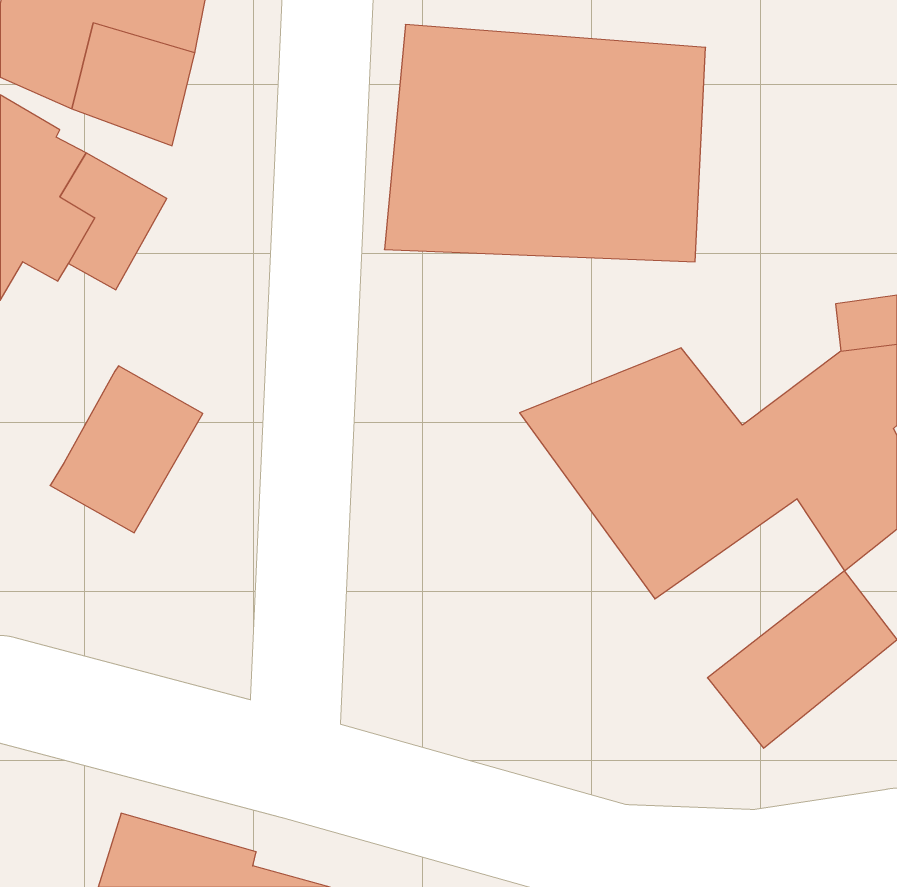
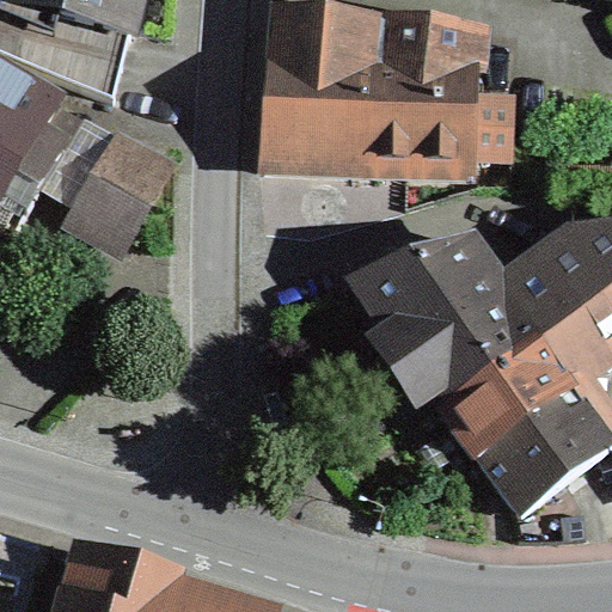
building: [50,366,203,533] -> [69,131,173,245]
building: none -> [446,339,575,461]

